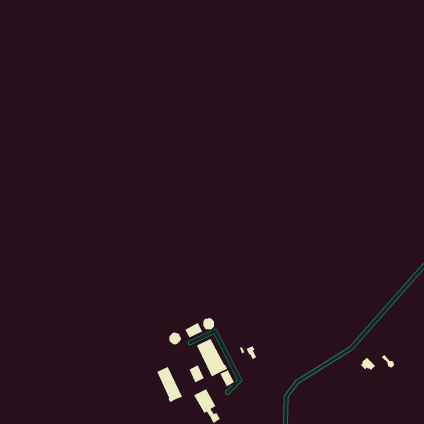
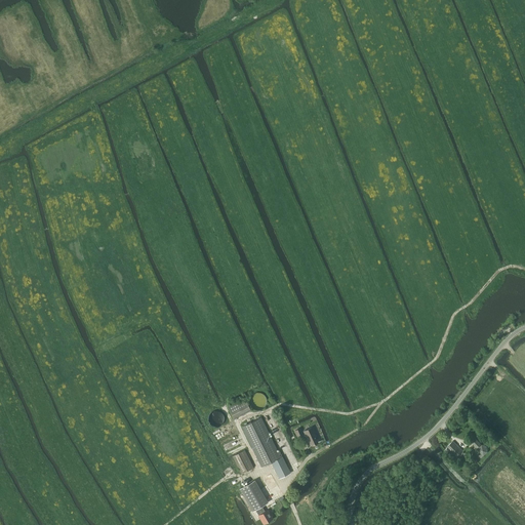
building: [156,366,183,403] -> none

